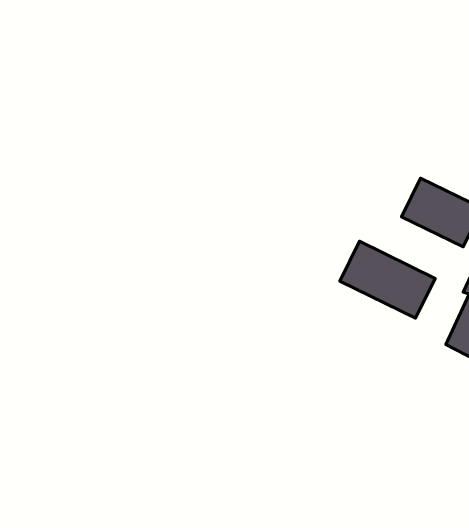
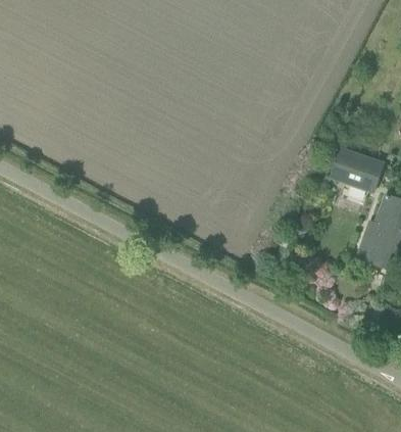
building: [340,241,435,318] -> none

